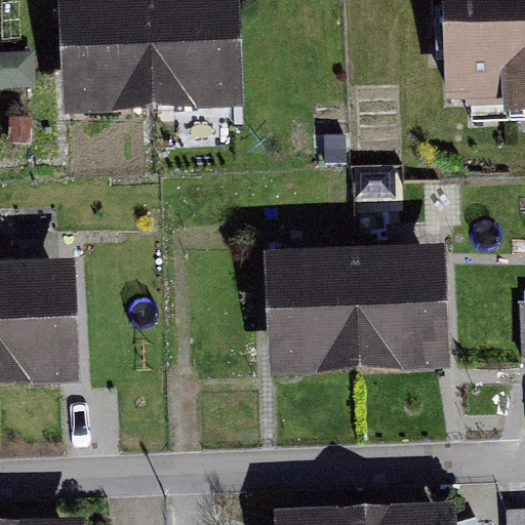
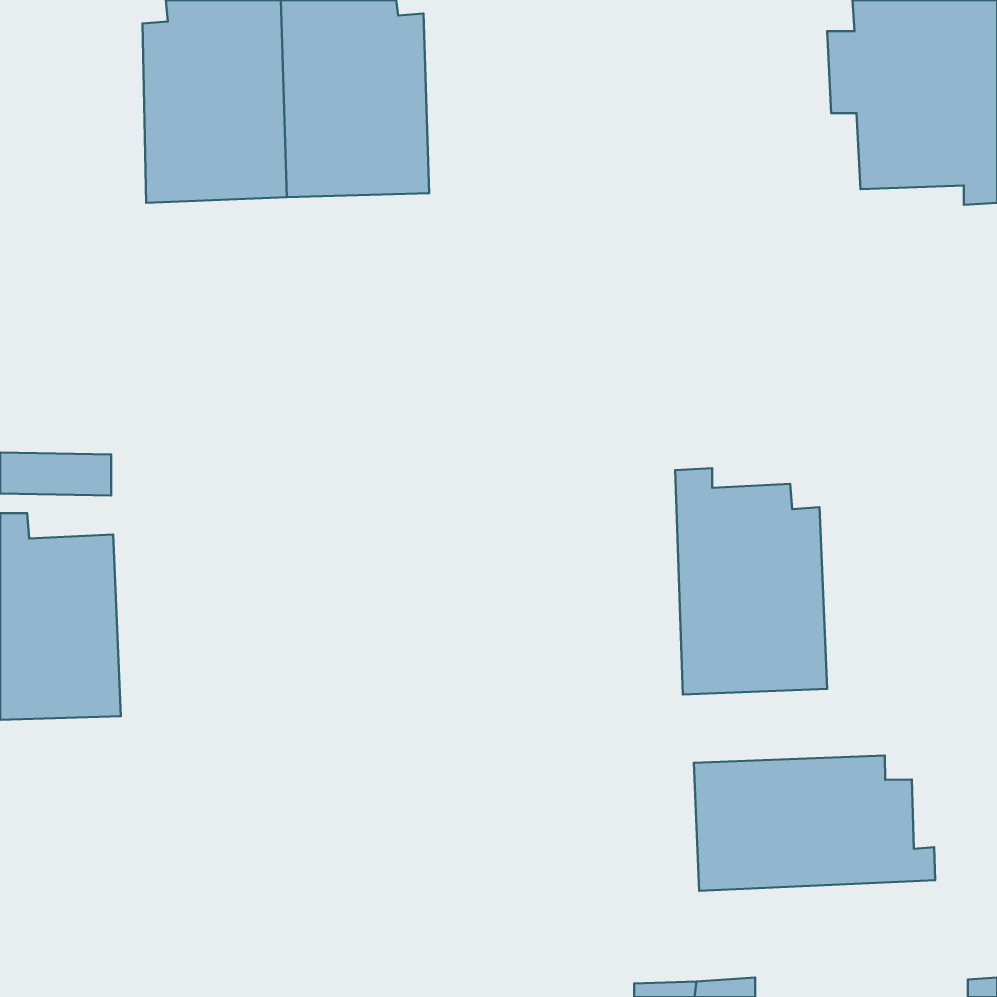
building: [280,247,359,368] -> none
building: none -> [694,756,935,891]

